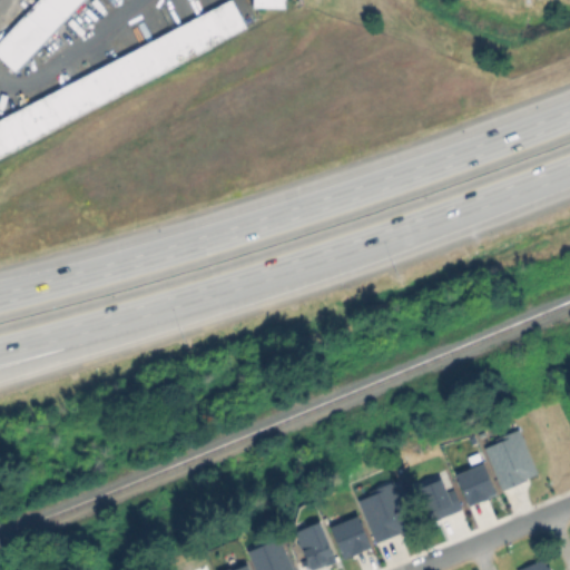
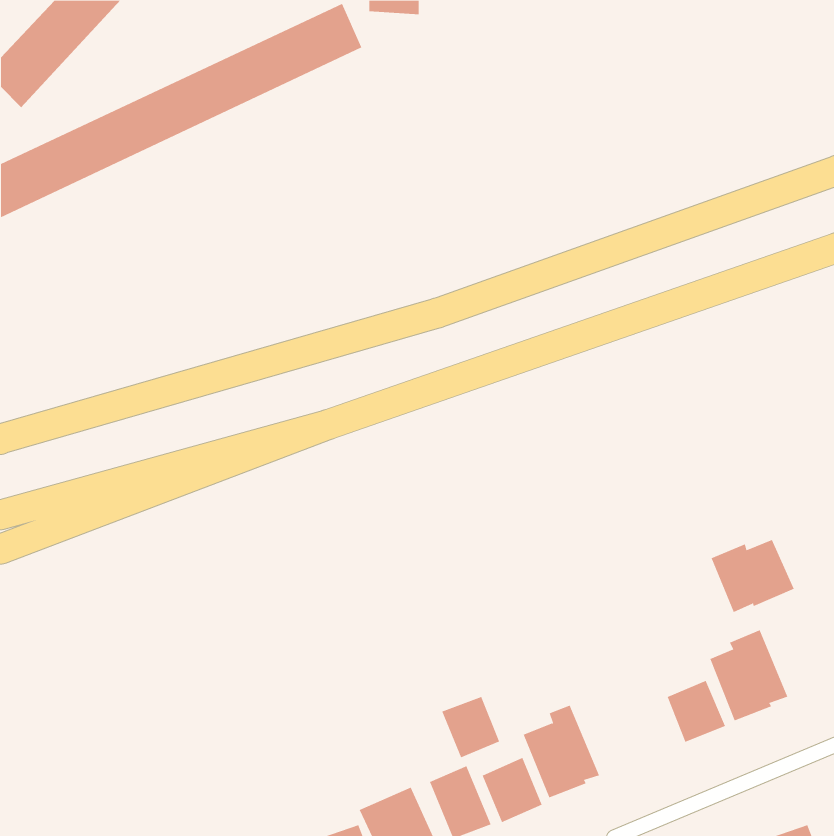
building: none -> [711,539,794,613]
building: none -> [441,696,500,758]
building: [417,479,462,522] -> none

